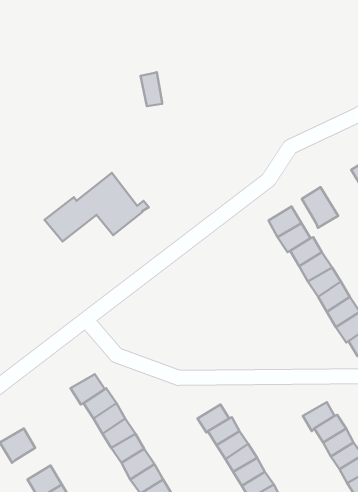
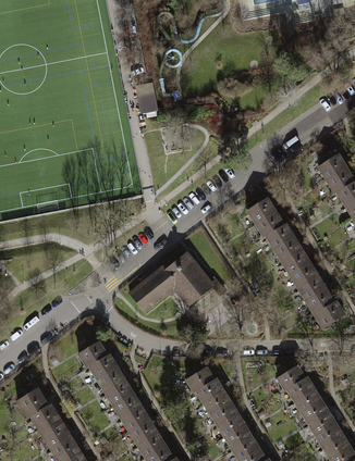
building: [45,173,149,241] -> [130,252,219,311]
building: [302,187,338,228] -> none
building: none -> [30,403,61,432]

